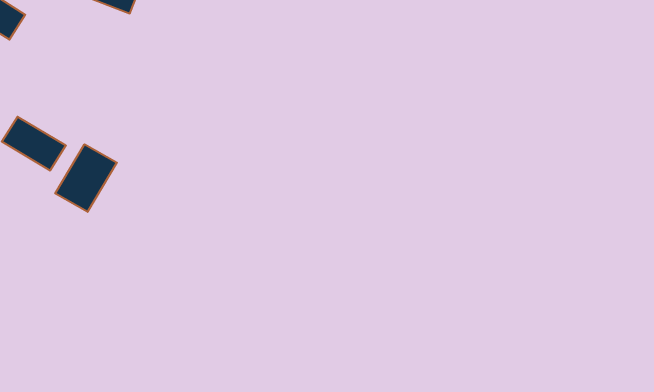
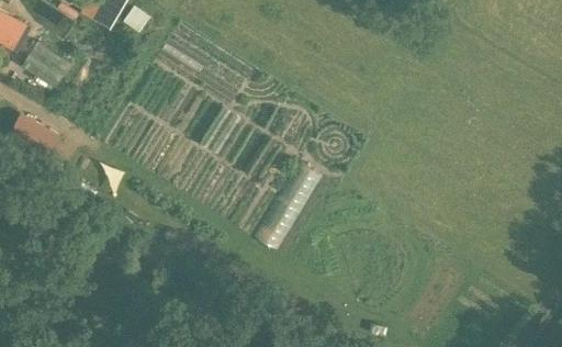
building: [55,144,117,212] -> none

